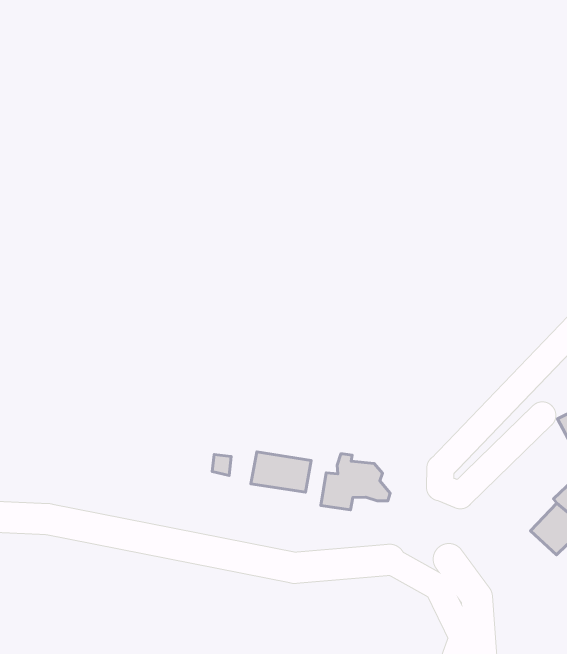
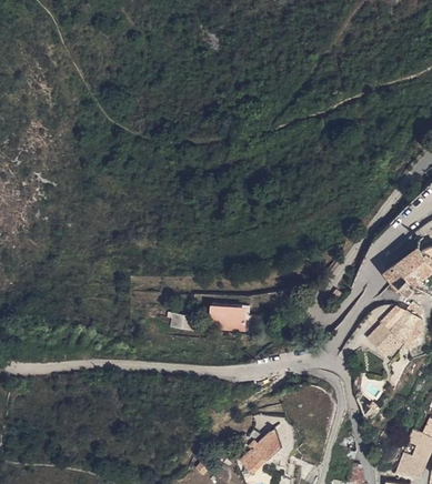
building: [321,454,390,510] -> none

